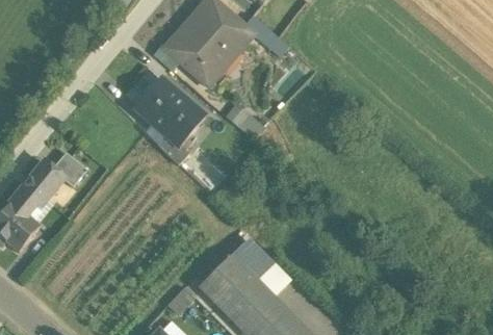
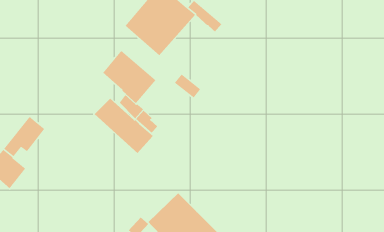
building: none -> [94,98,154,154]
building: [53,151,86,184] -> none
building: [232,242,269,280] -> none

